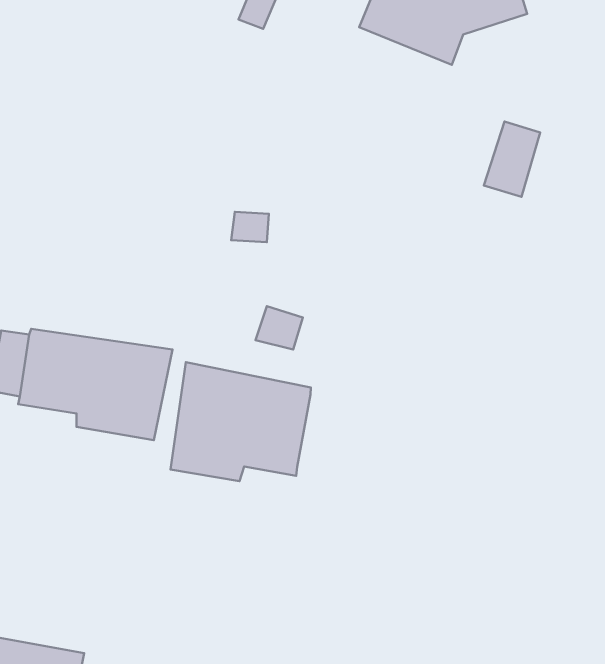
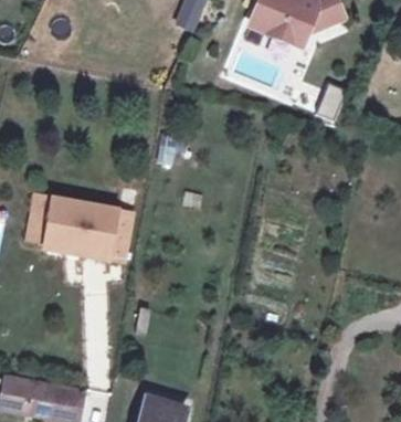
building: [171,362,311,481] -> none

